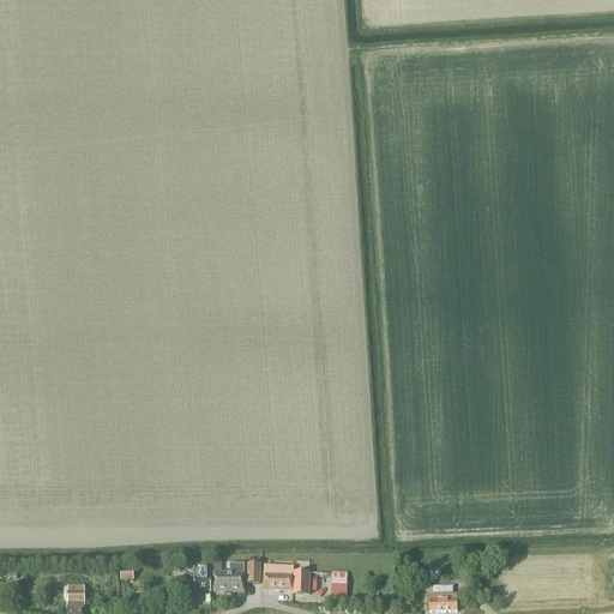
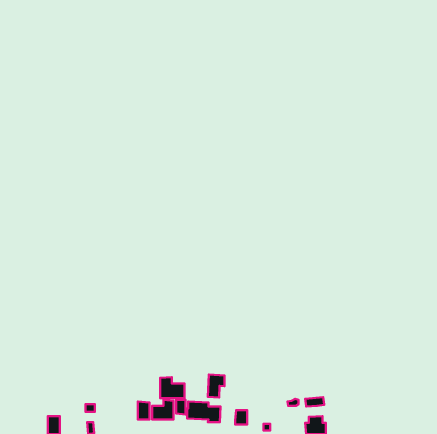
building: none -> [208,375,225,397]
building: none -> [160,377,185,398]

